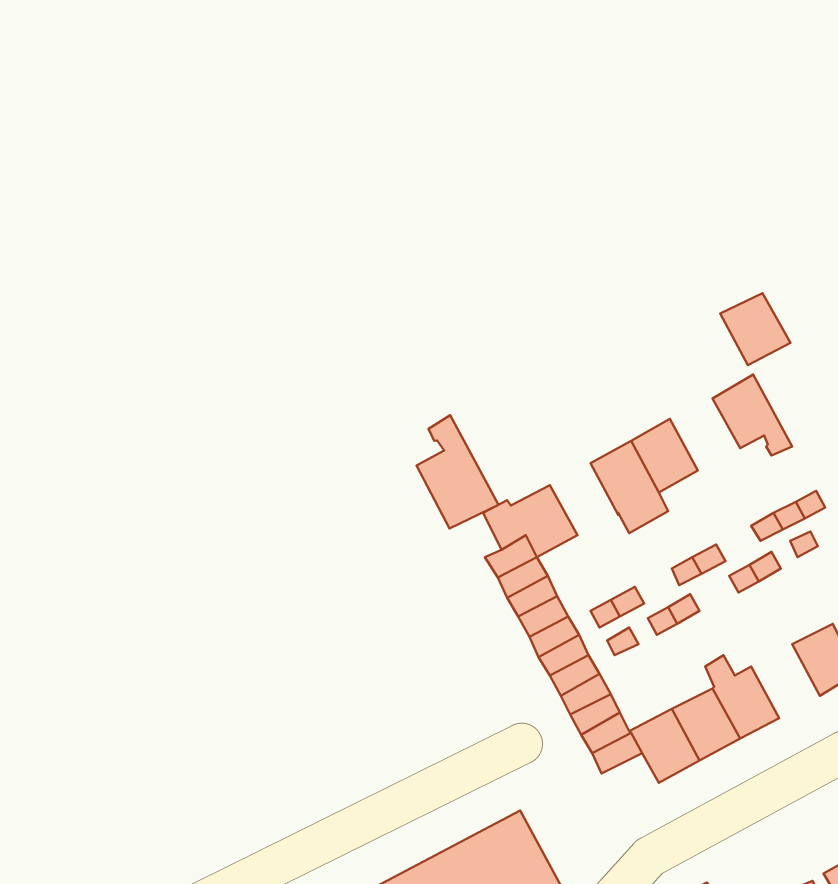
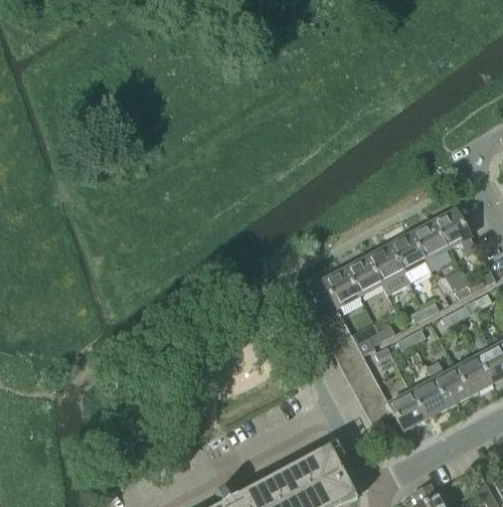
building: [720,293,790,365] -> [409,221,448,261]
building: [417,415,498,528] -> none
building: none -> [344,257,381,296]
building: none -> [454,355,491,395]

